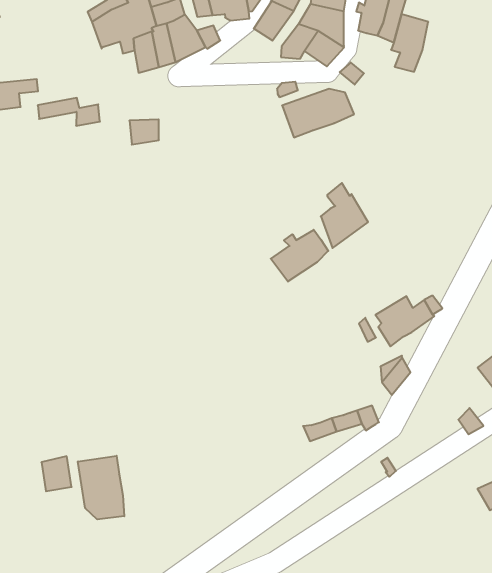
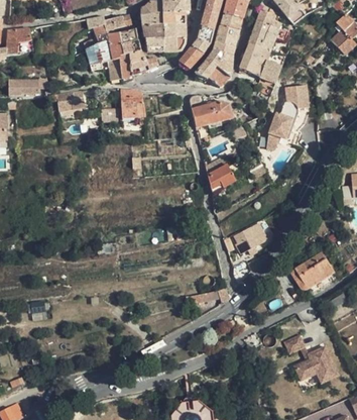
building: none -> [266,83,309,147]
building: none -> [120,87,146,118]
building: [271,230,328,282] -> none
building: [78,456,124,519] -> none

